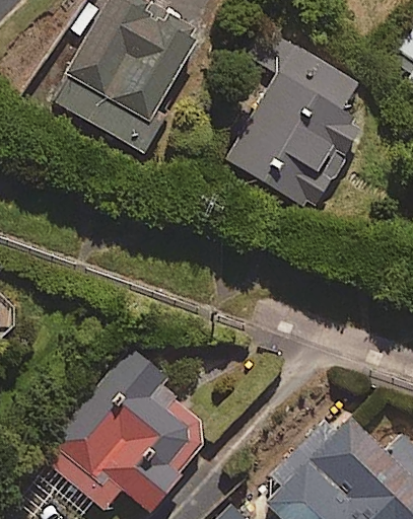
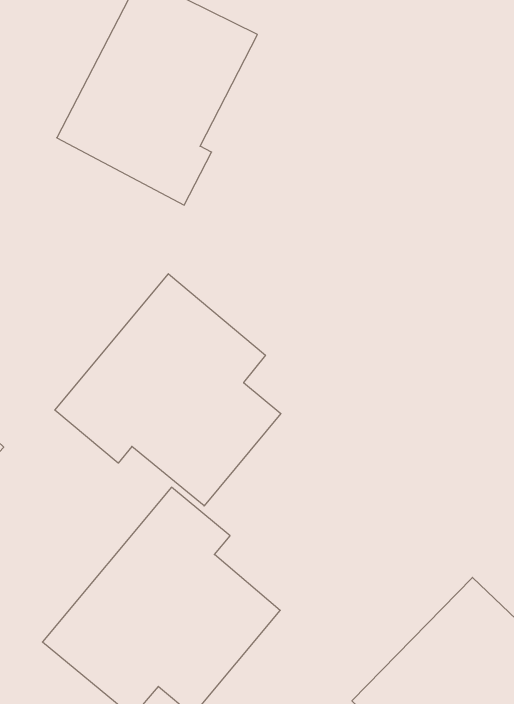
building: [225,32,361,209] -> none
building: none -> [55,274,281,506]

